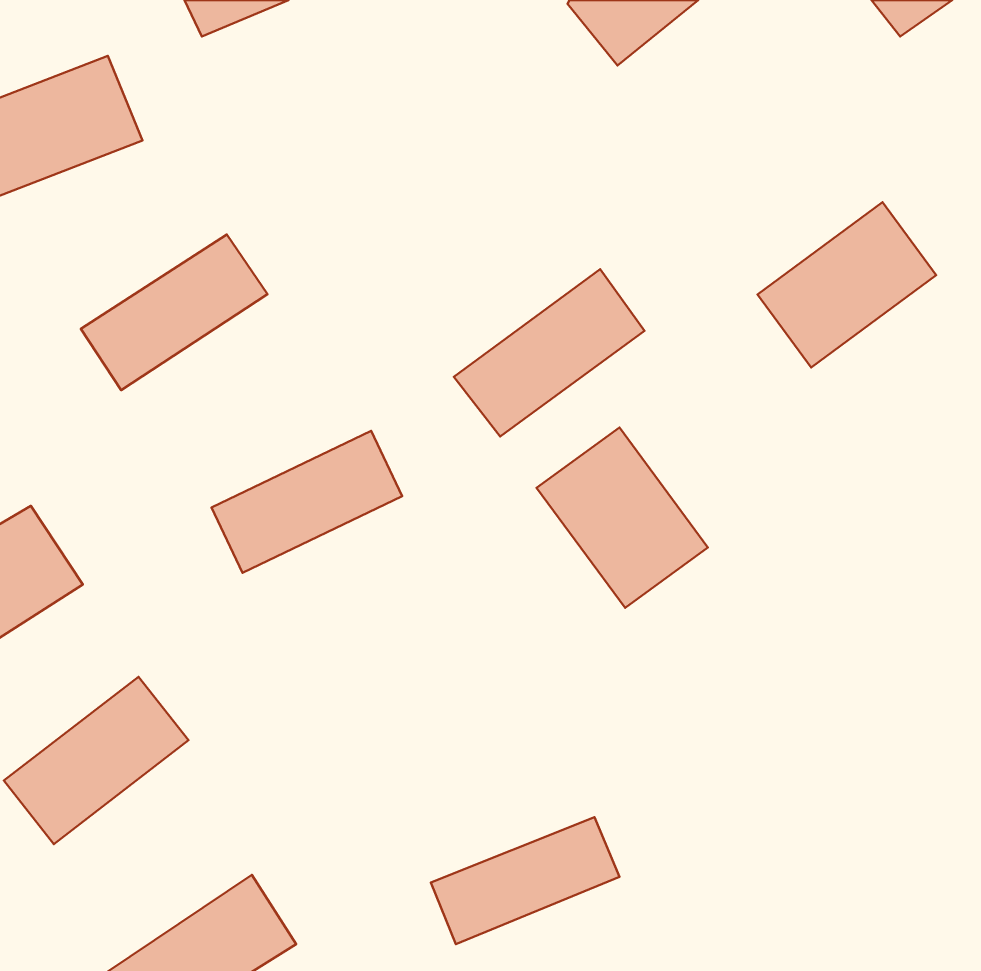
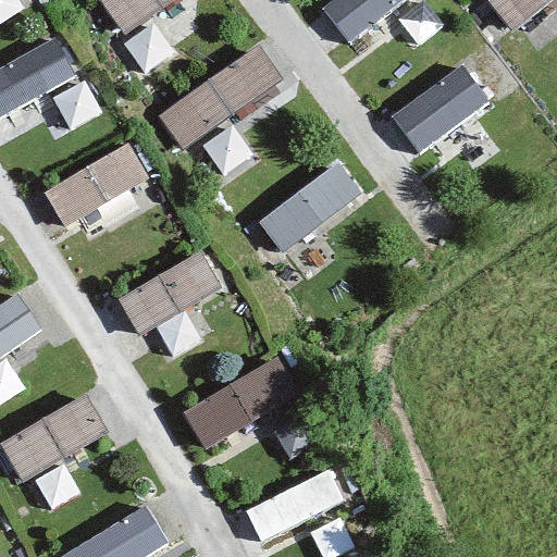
building: none -> [156,46,285,153]
building: [757,202,936,368] -> [389,60,491,153]
building: [537,428,708,608] -> none
building: none -> [183,359,302,446]

